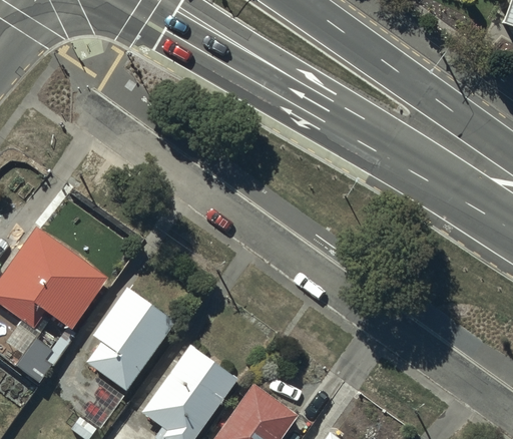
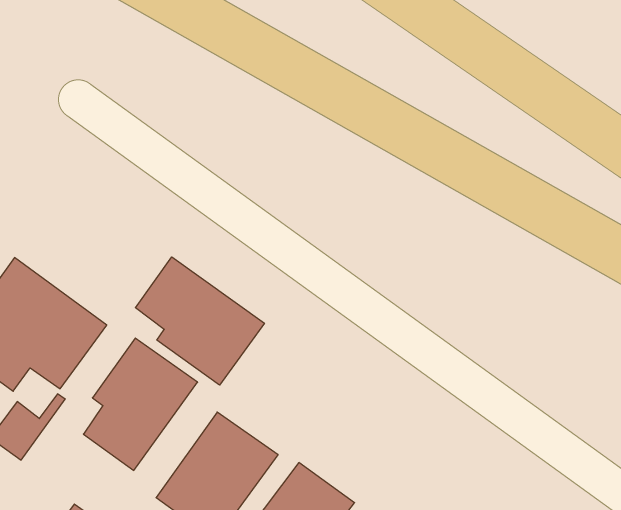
building: none -> [135,257,264,385]

